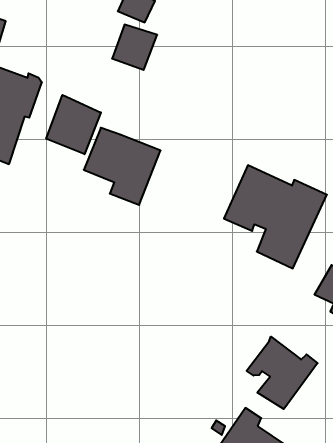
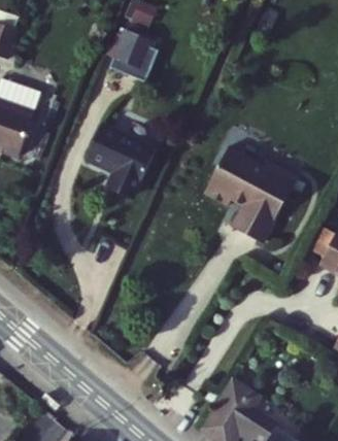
building: [46,95,101,154] -> none
building: [247,337,318,409] -> none

